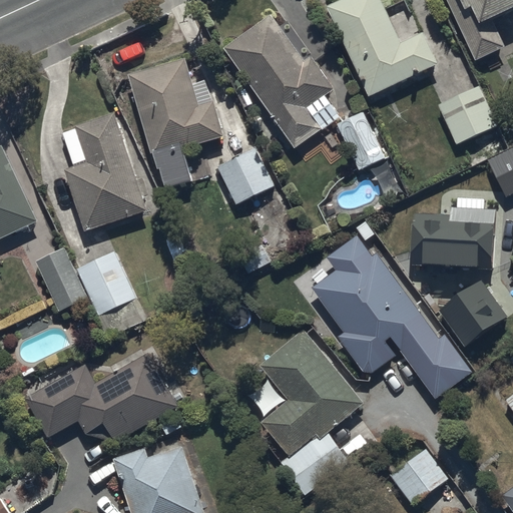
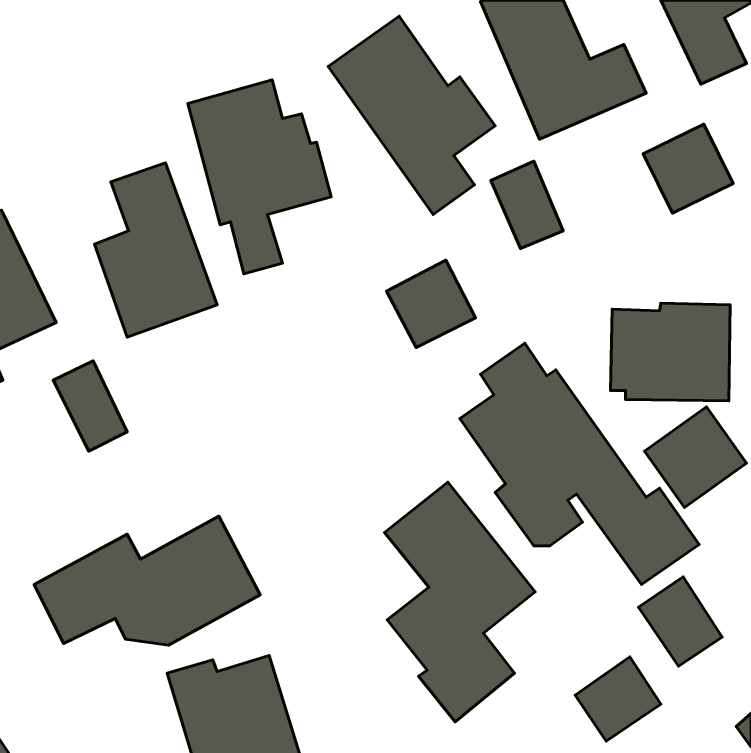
building: [214,145,275,204] -> [387,260,475,348]
building: [75,247,137,316] -> none
building: none -> [638,577,722,666]

